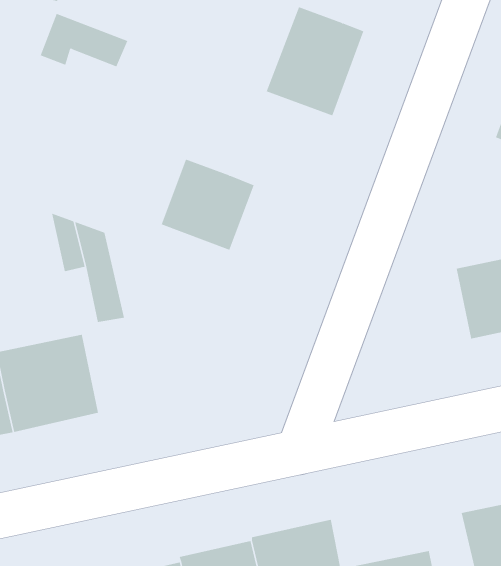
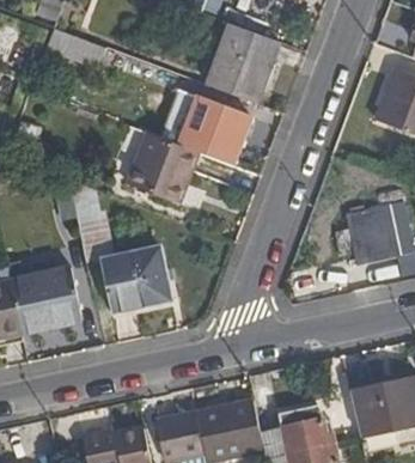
building: none -> [179,96,248,163]
building: none -> [102,244,172,310]

